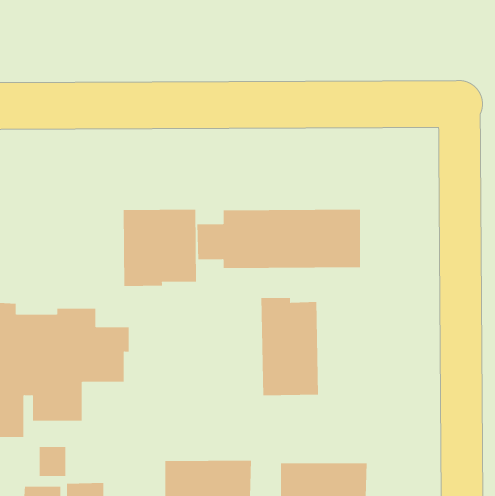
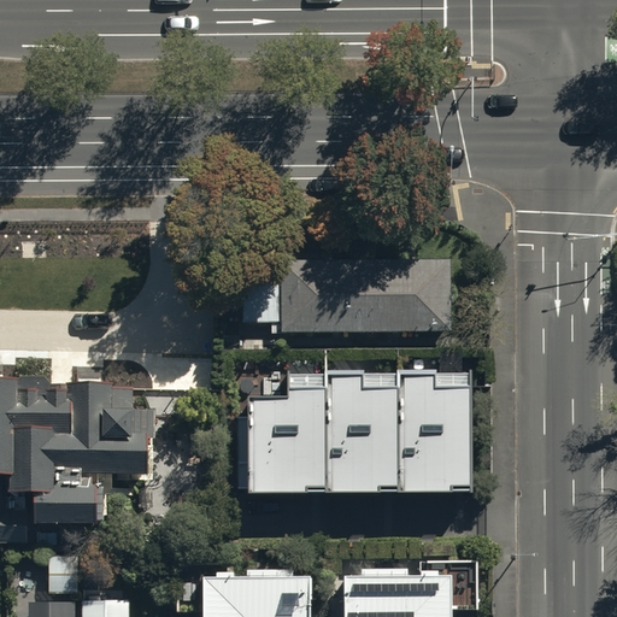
building: [123,209,196,287] -> none
building: none -> [395,370,468,492]
building: none -> [236,374,322,493]

